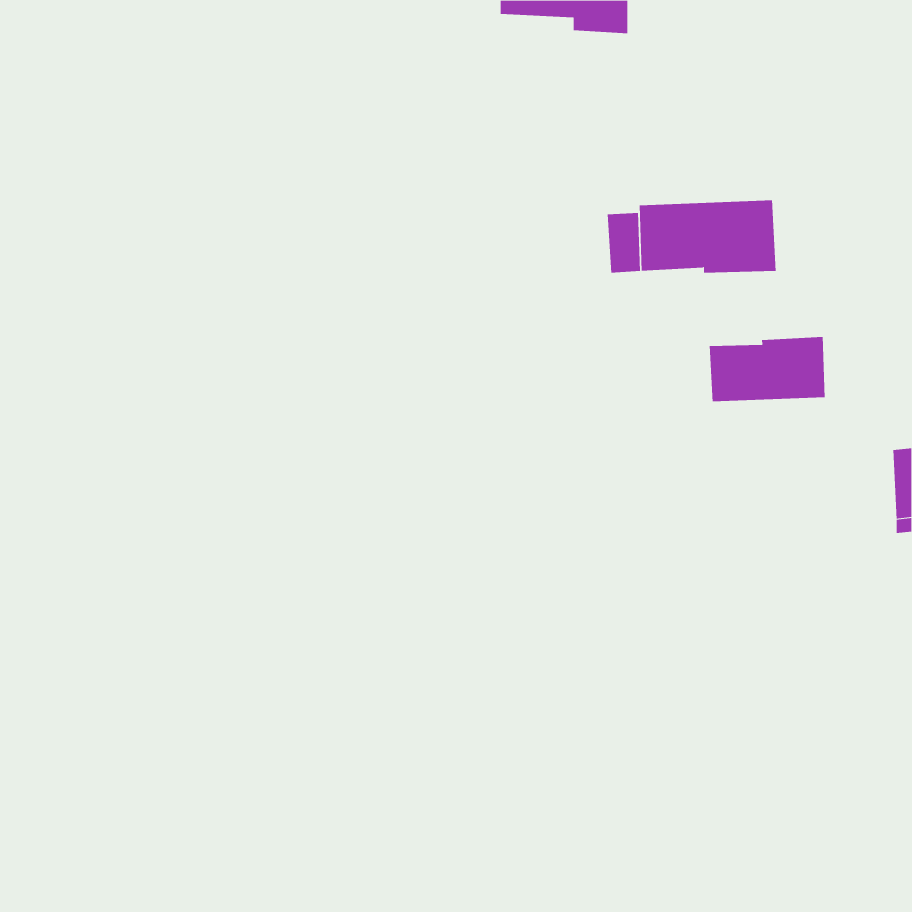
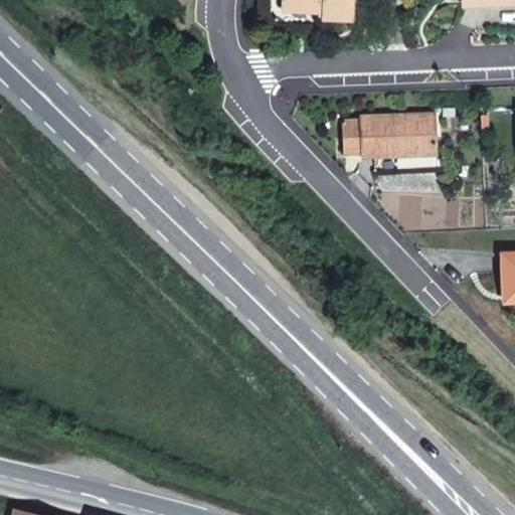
building: [709,336,825,402] -> none

